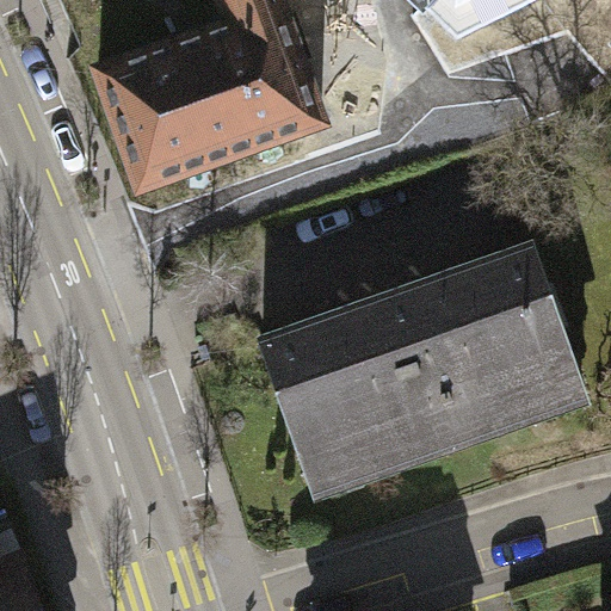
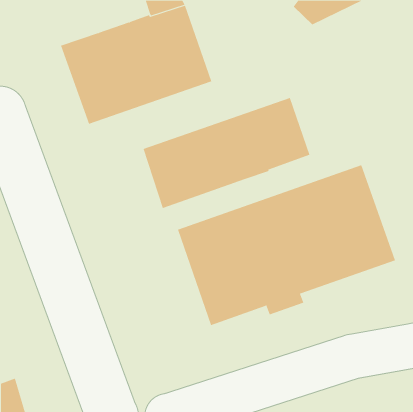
building: none -> [143,97,310,209]

